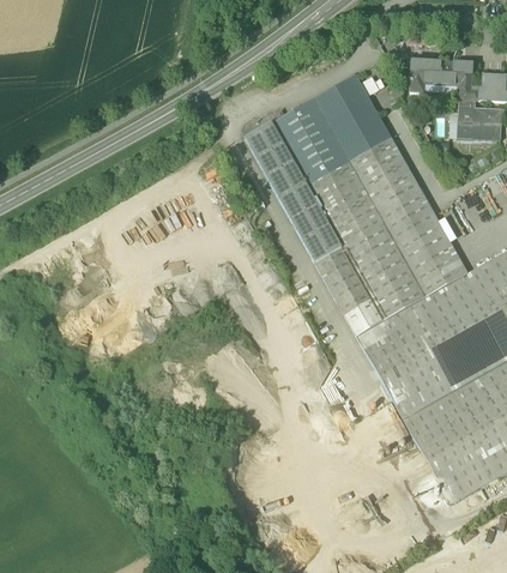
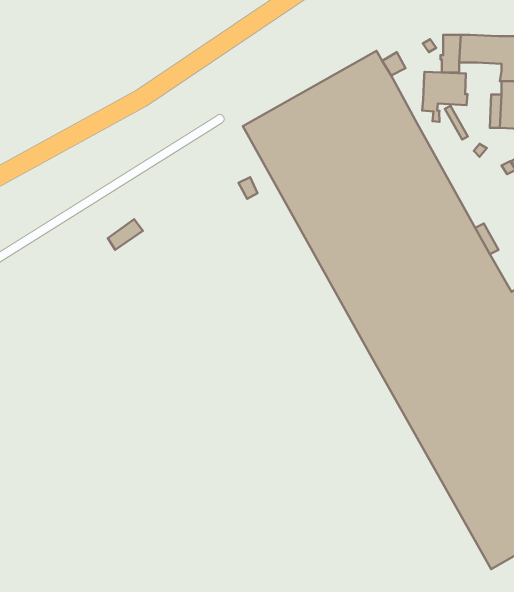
building: none -> [422,72,467,122]

